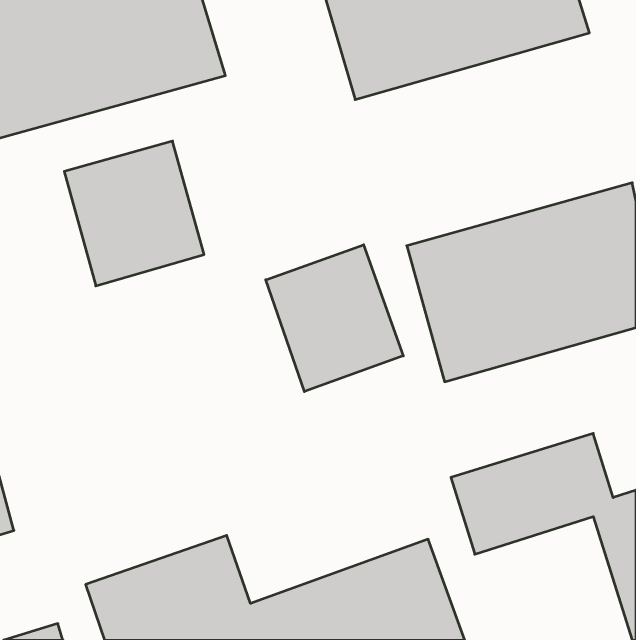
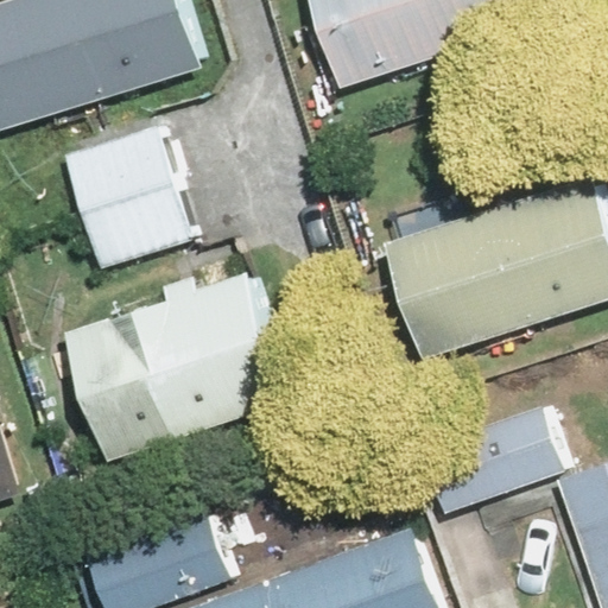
building: [266,245,403,392] -> none
building: none -> [59,265,291,466]

